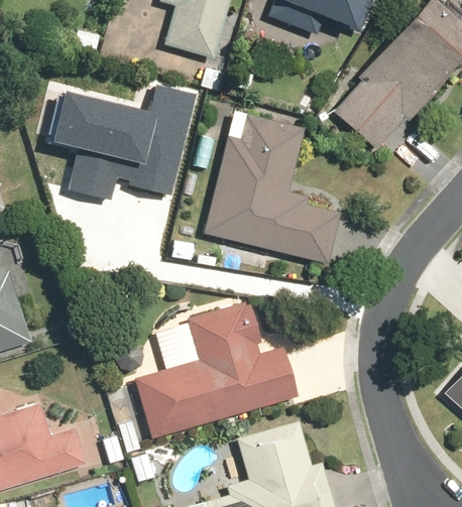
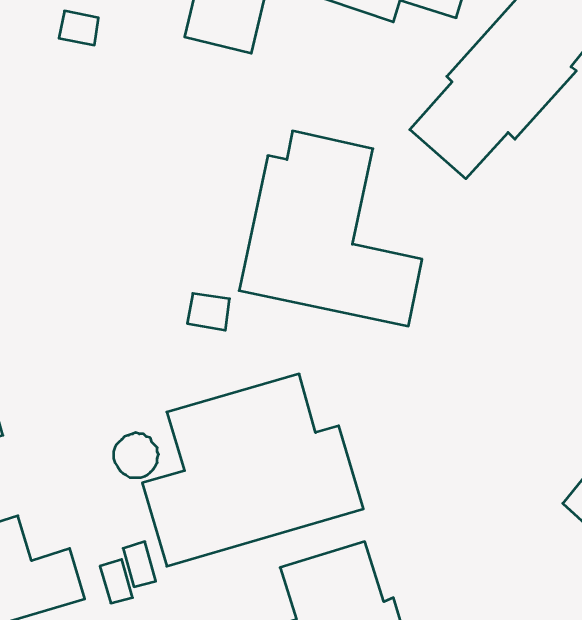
building: [53,84,203,198] -> none

